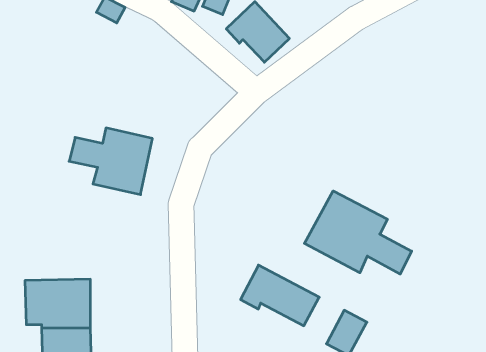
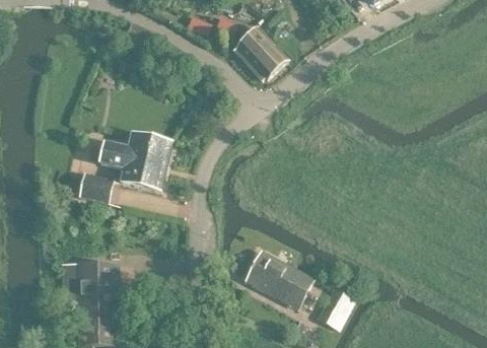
building: none -> [80,173,114,202]
building: [304,191,412,274] -> none

